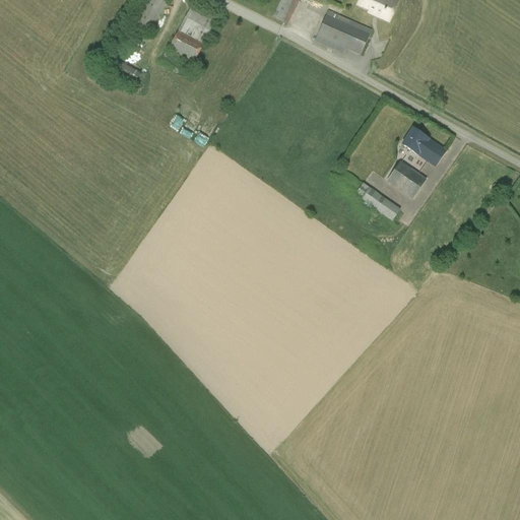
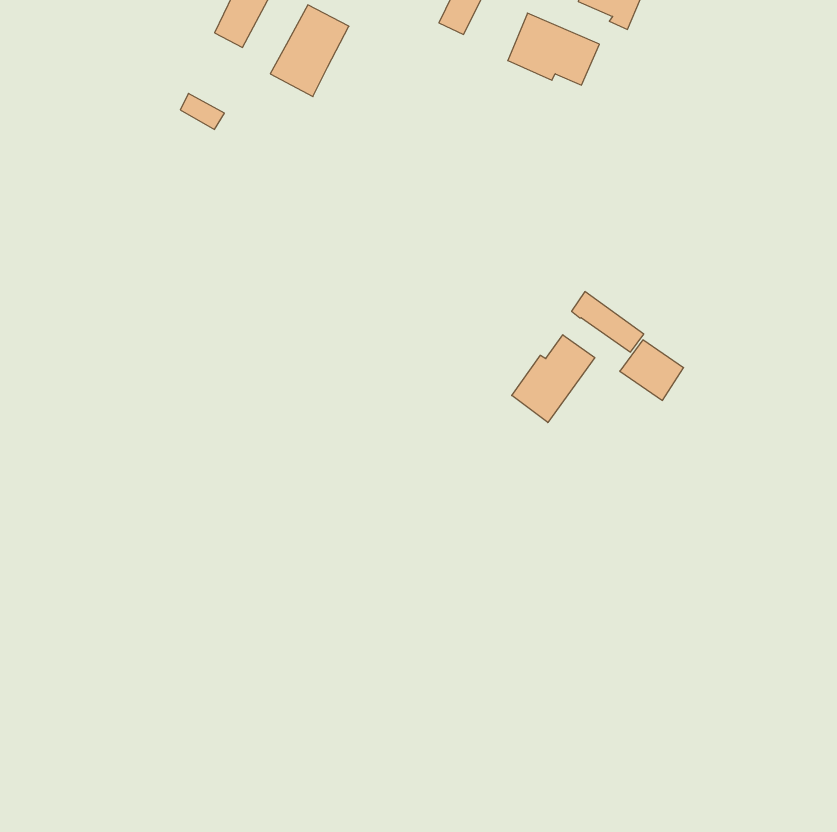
building: [401,125,446,165] -> none
building: [386,159,426,197] -> [620,340,684,400]
building: none -> [512,335,595,423]

